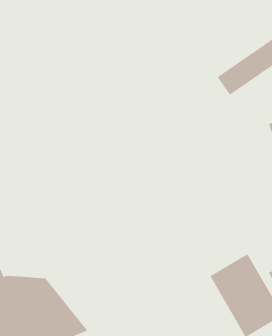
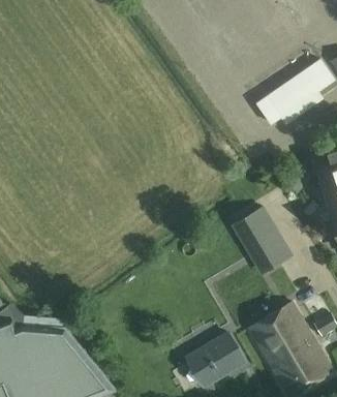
building: none -> [237,208,293,272]
building: none -> [187,333,246,387]

